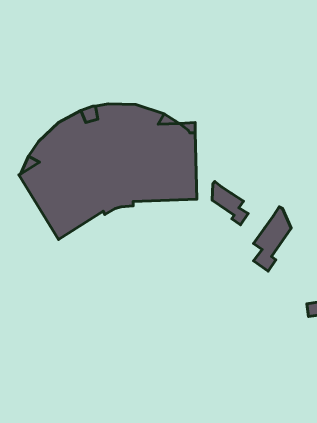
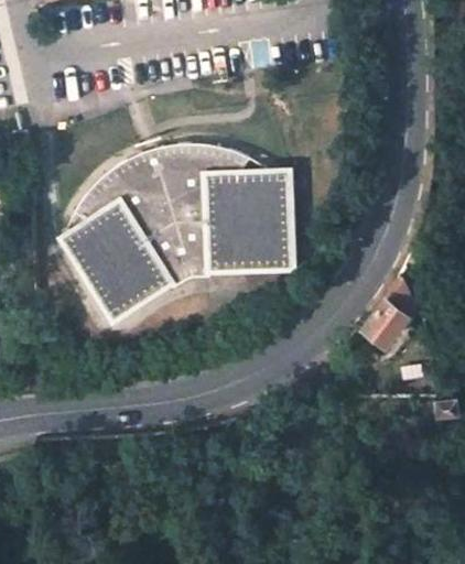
building: [212,182,248,225] -> none

